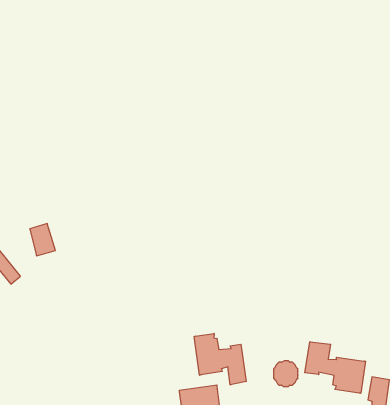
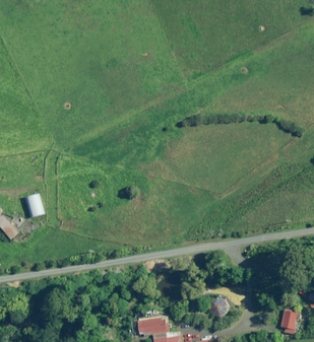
building: [194,333,246,385] -> none
building: [305,342,366,393] -> none

